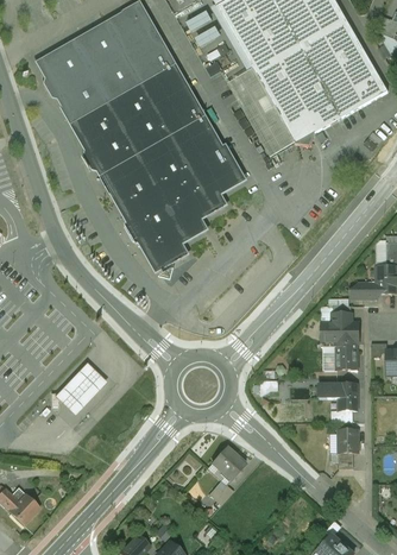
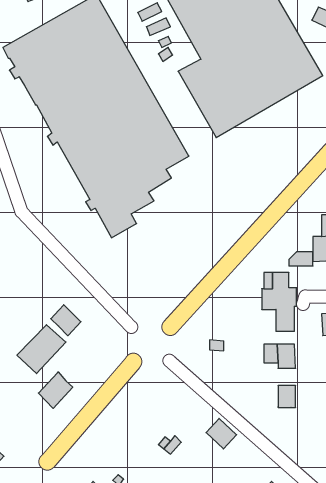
building: none -> [51,305,81,336]
building: none -> [38,372,73,408]
building: [212,447,245,480] -> [206,418,237,449]

